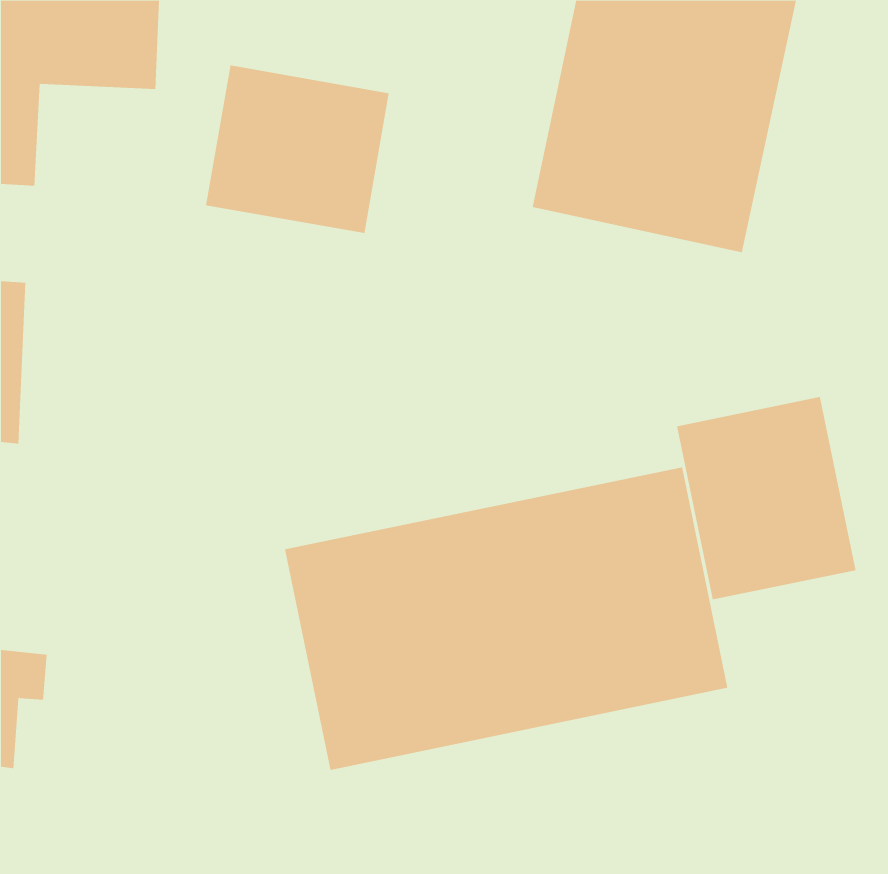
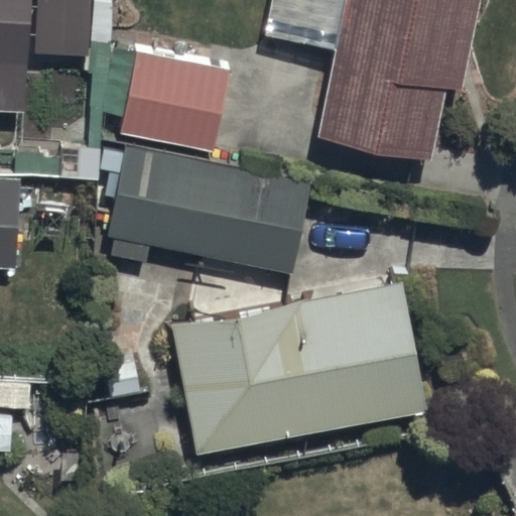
building: none -> [102,145,313,274]
building: [676,396,856,600] -> none

